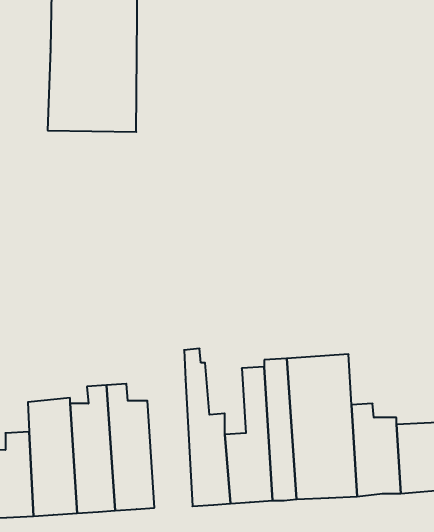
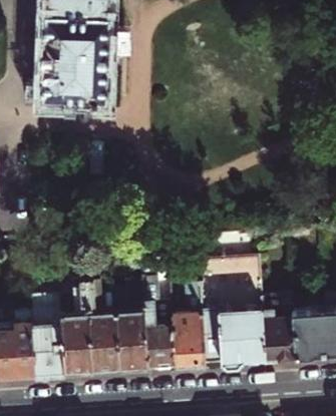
building: none -> [110,279,142,370]

